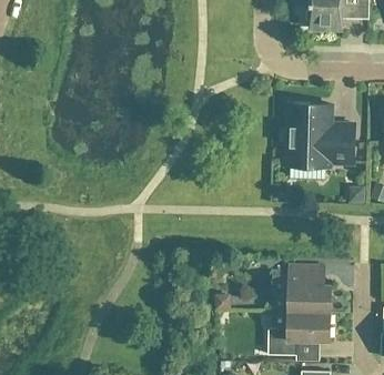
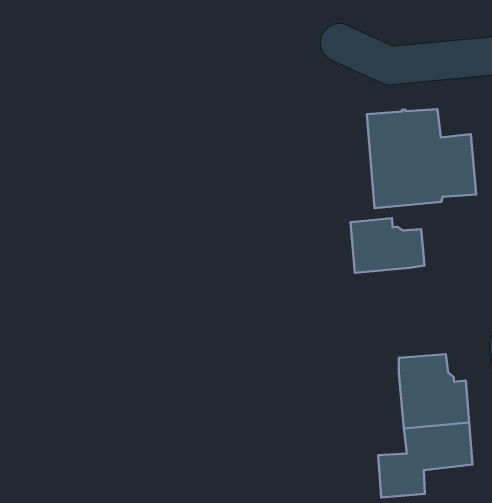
building: none -> [351,218,425,273]

